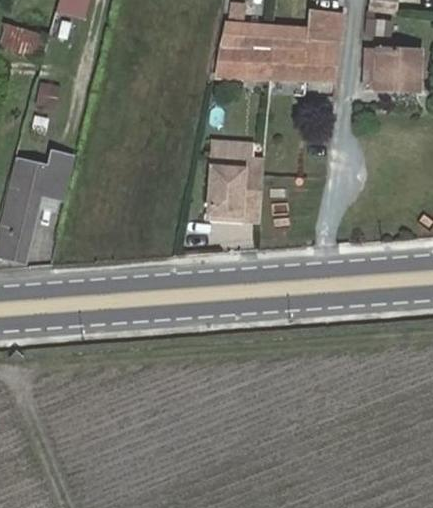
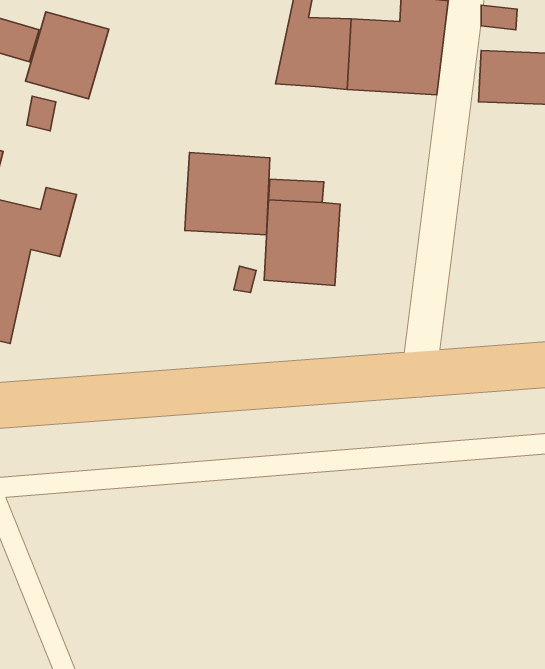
building: none -> [26,12,109,99]
building: none -> [185,152,270,235]

